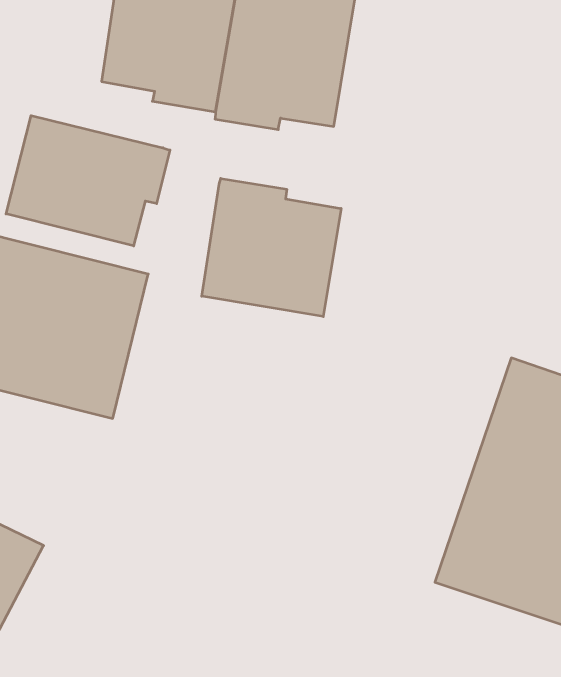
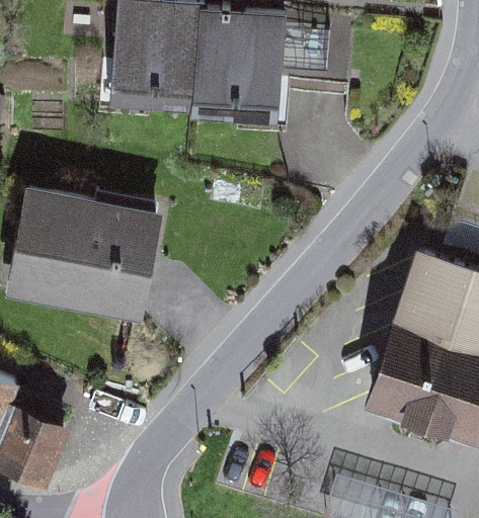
building: [6,116,170,246] -> none
building: [202,178,341,317] -> none

